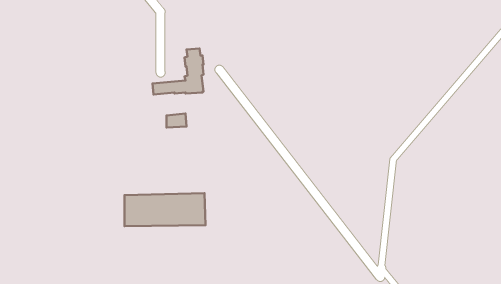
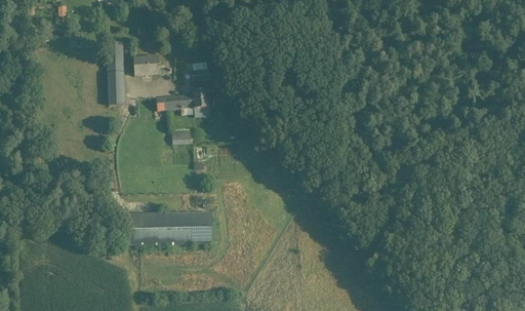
building: none -> [133,54,160,75]
building: none -> [107,71,124,104]

